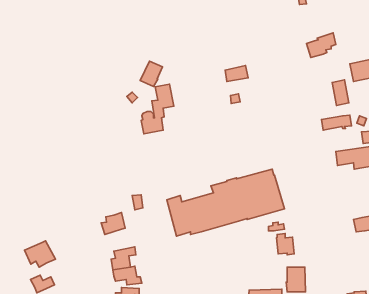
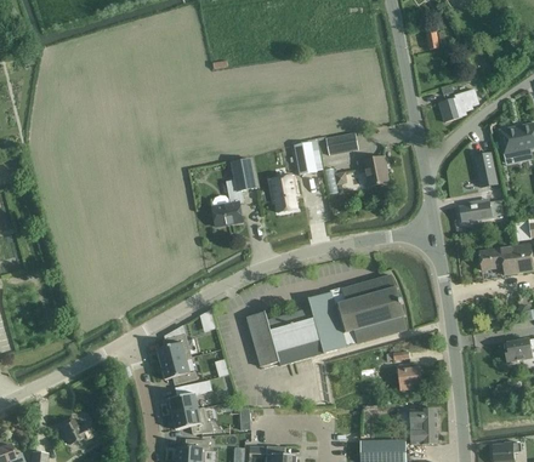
building: [140,61,162,87] -> none
building: none -> [292,139,319,175]
building: none -> [357,155,387,186]
building: none -> [269,175,296,211]
building: none -> [161,357,195,383]
building: [25,241,55,267] -> none

